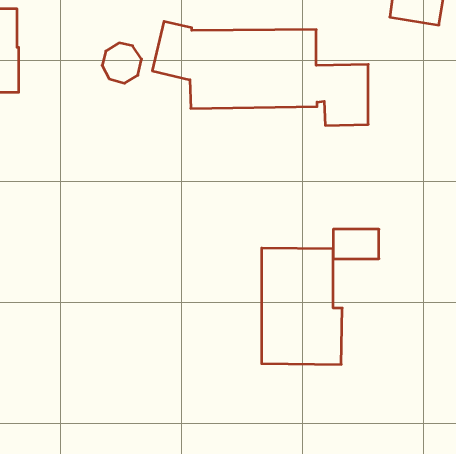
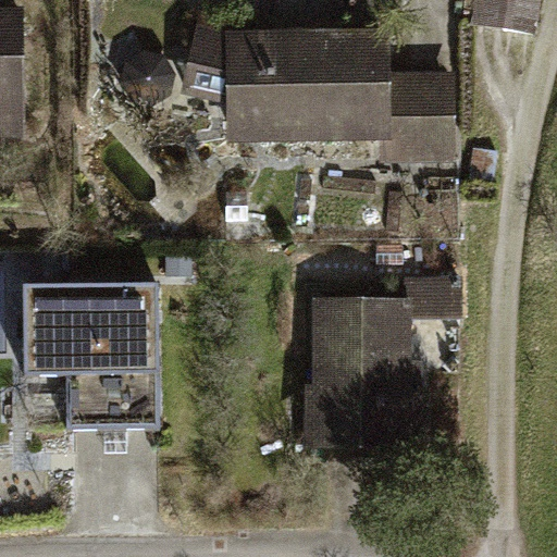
building: none -> [23,283,159,429]

